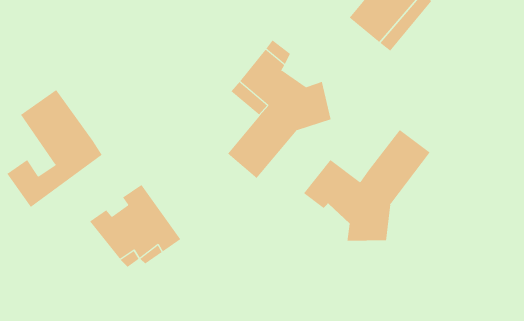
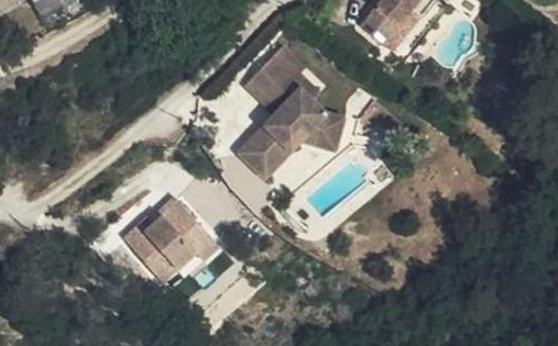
building: [6,89,102,208] -> none
building: [303,129,431,242] -> none

